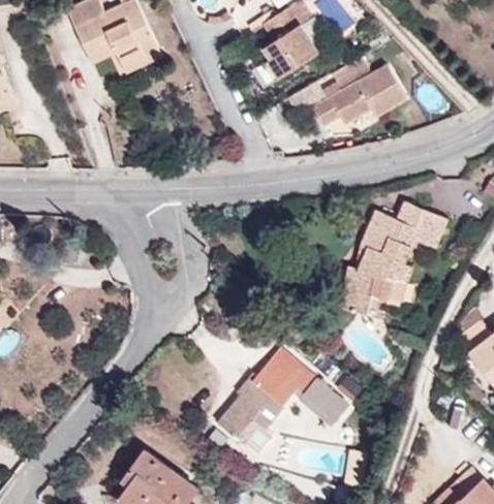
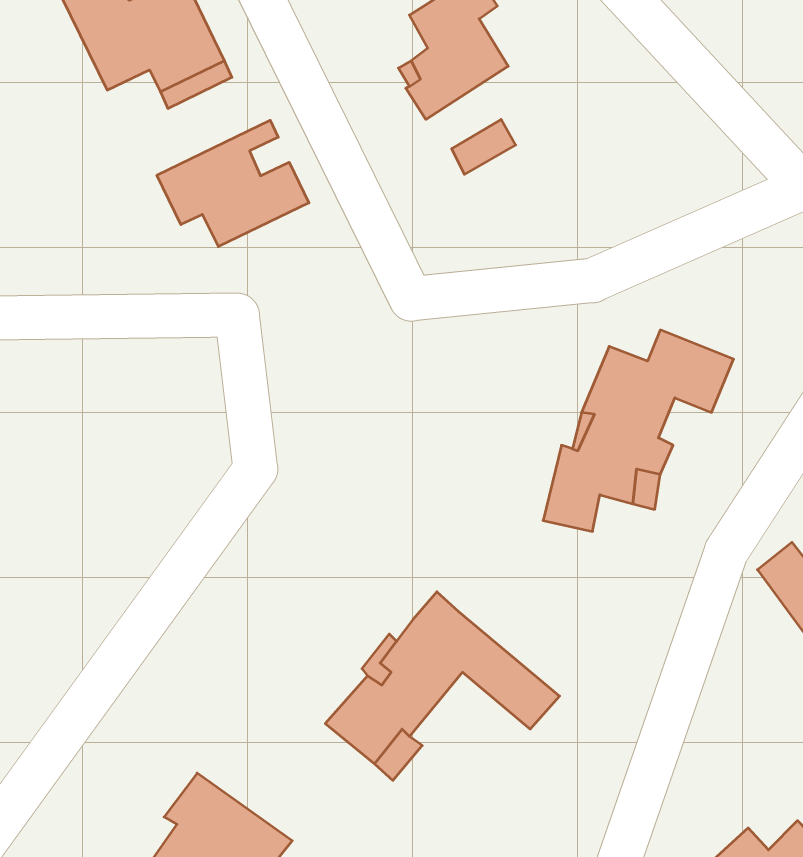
building: [314,67,406,126] -> none
building: none -> [157,120,309,247]

